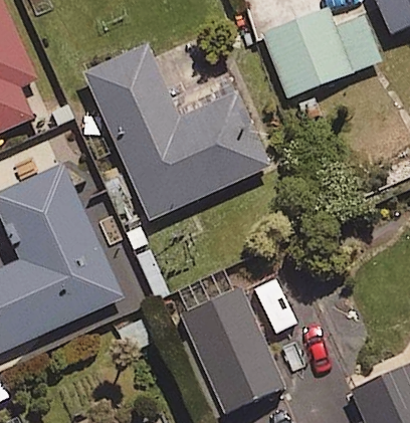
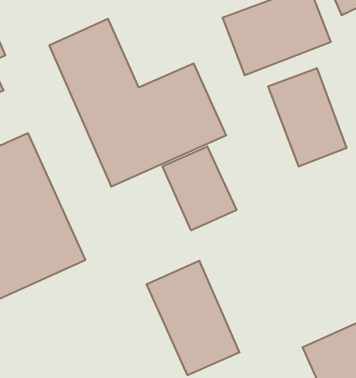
building: none -> [268,68,346,167]
building: none -> [163,146,236,230]

